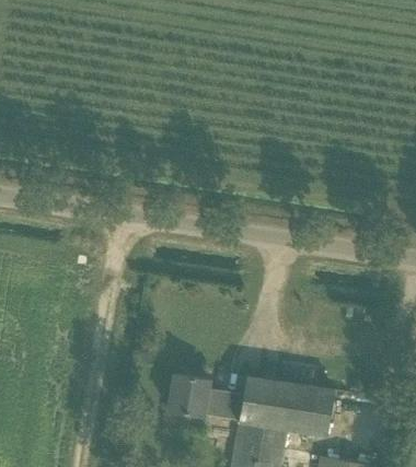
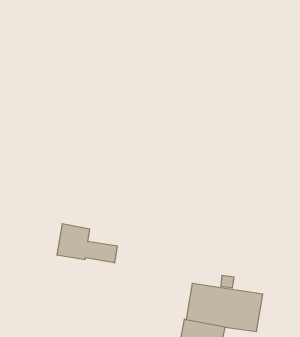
building: [169,374,243,422] -> [57,224,117,263]

